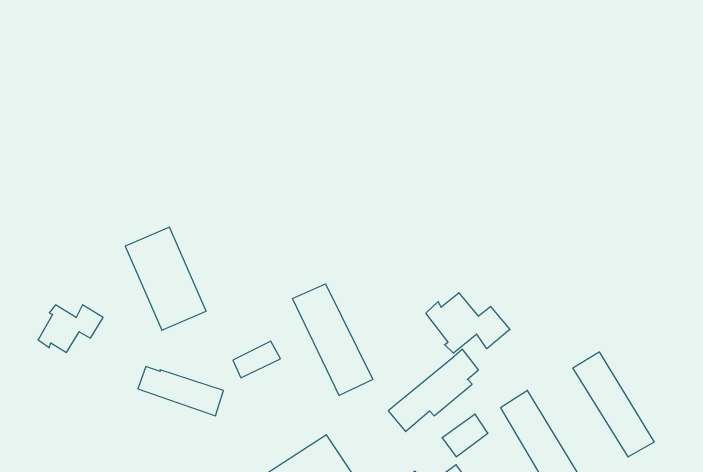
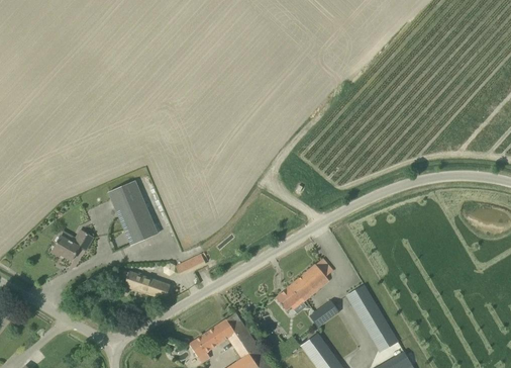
building: [292,284,373,396] -> none
building: [426,293,510,353] -> none
building: [573,352,654,457] -> none

